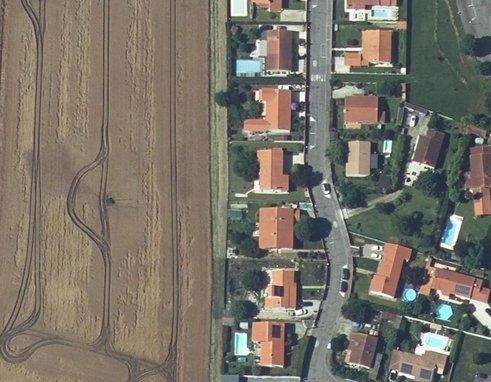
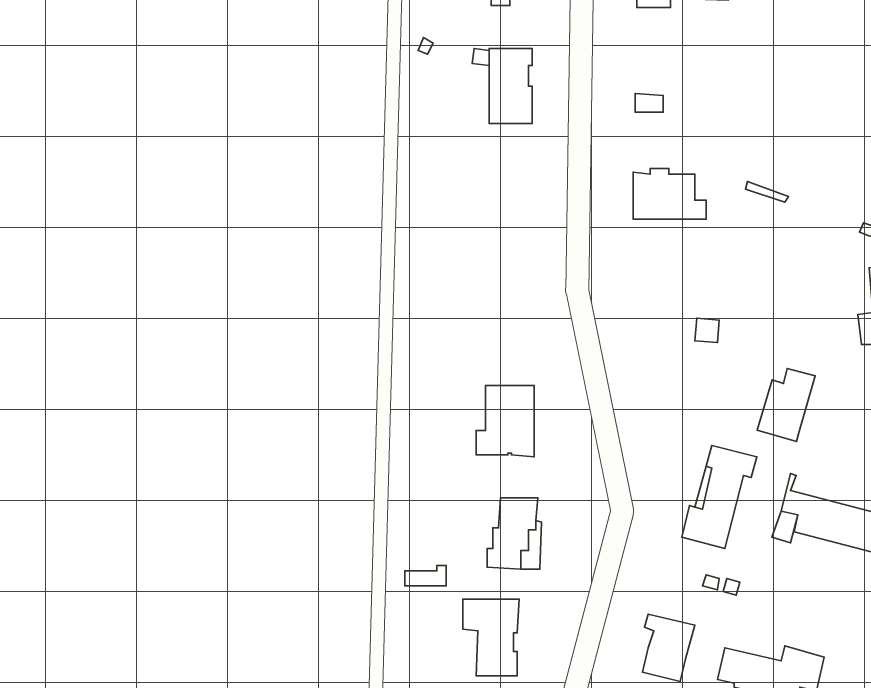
building: [367,30,390,62] -> none
building: [244,90,290,130] -> none
building: [412,129,443,168] -> [757,368,815,441]
building: [346,141,376,175] -> none
building: [258,151,287,190] -> none

